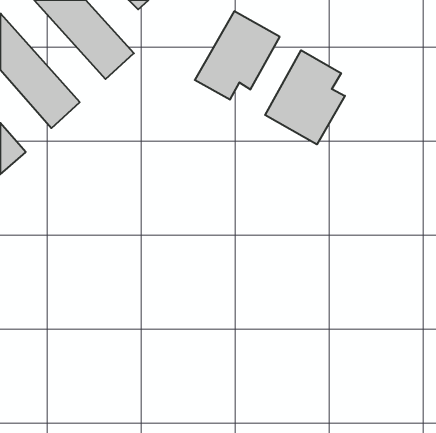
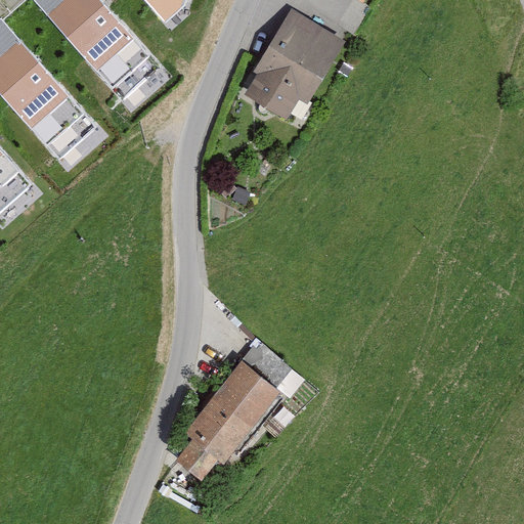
building: [265,50,345,144] -> none
building: none -> [168,350,283,488]

